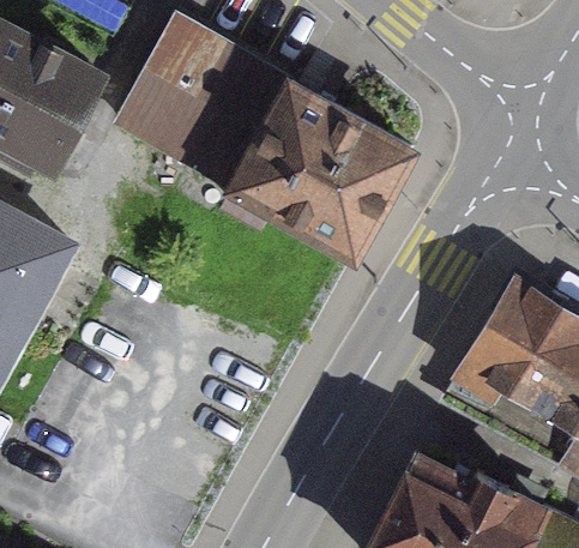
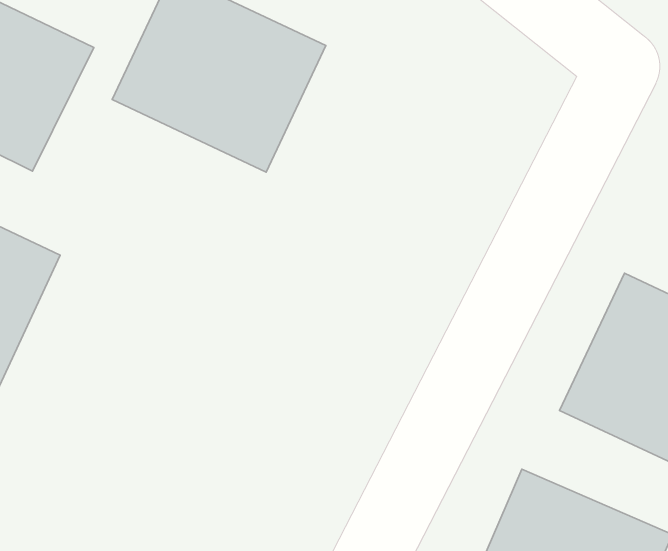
building: [239,91,409,257] -> none

